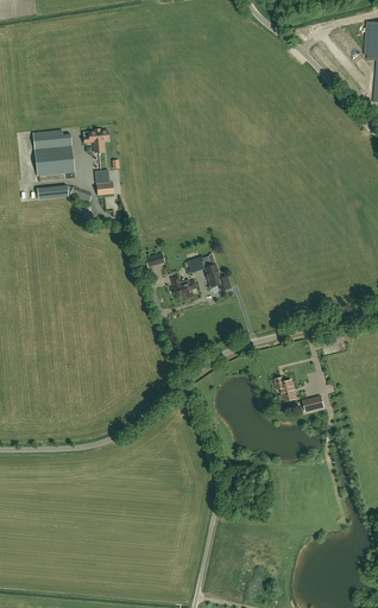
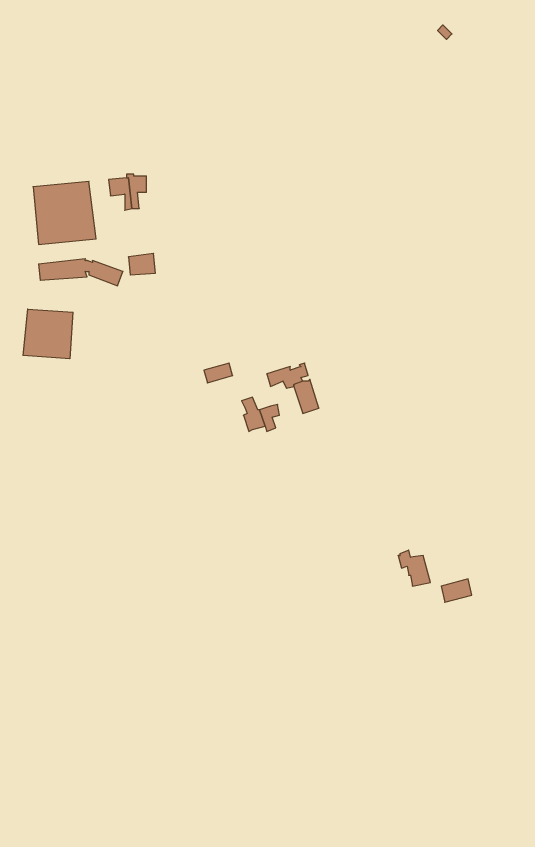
building: none -> [23,309,73,359]

